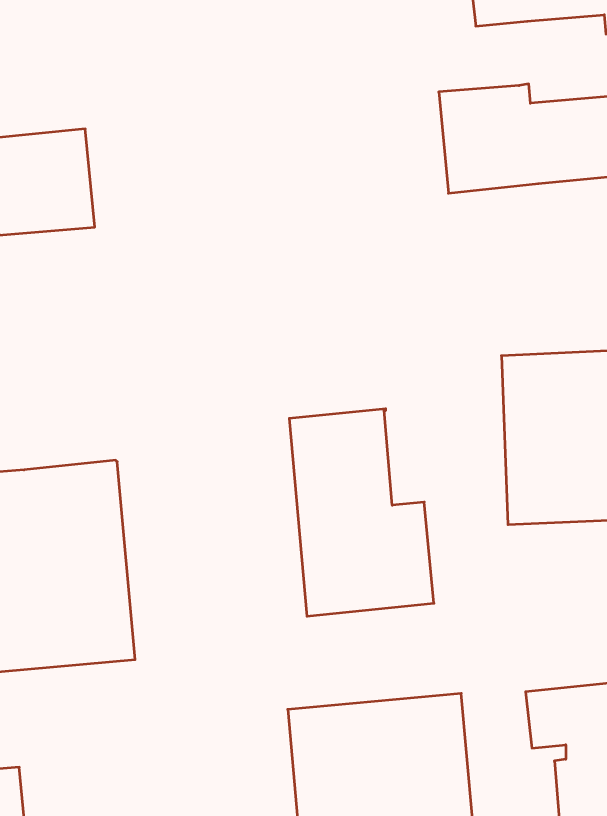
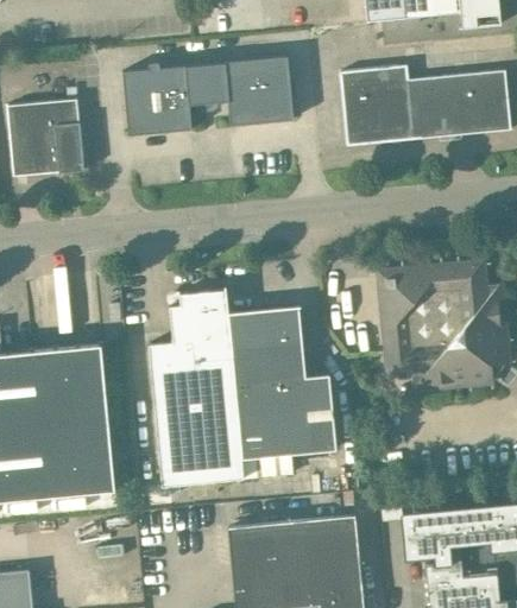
building: none -> [121,56,292,135]
building: none -> [149,286,244,486]

